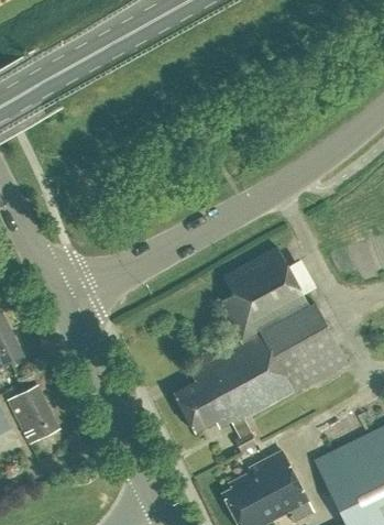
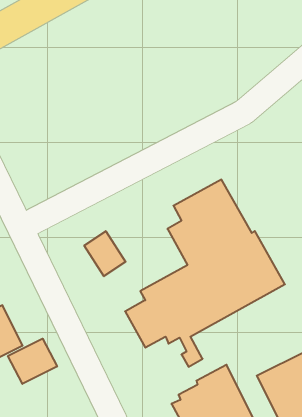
building: none -> [84,231,126,276]
building: none -> [8,339,57,384]

